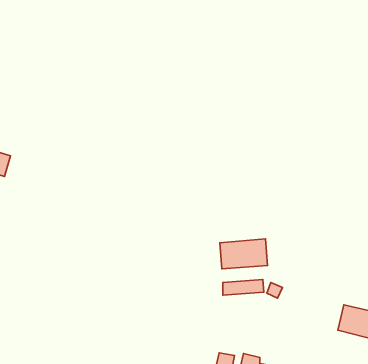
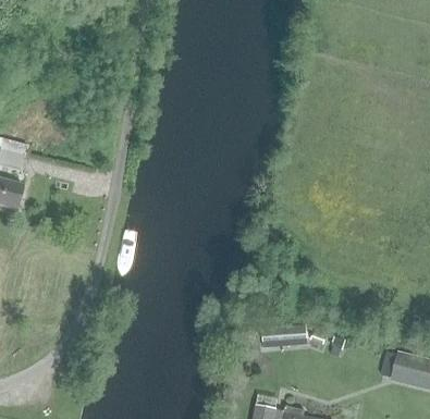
building: [220,239,267,269] -> none

